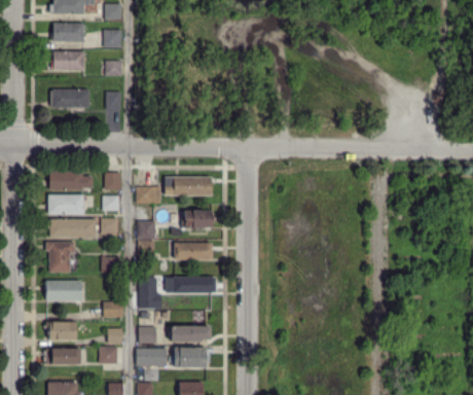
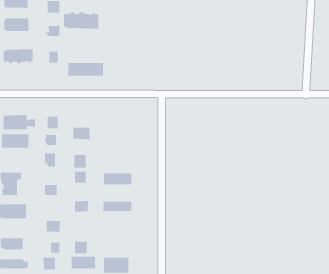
building: none -> [63,11,99,29]
building: [166,177,211,194] -> [67,62,104,76]
building: [183,211,213,227] -> none
building: [51,219,98,237] -> none
building: [169,326,209,344] -> none

